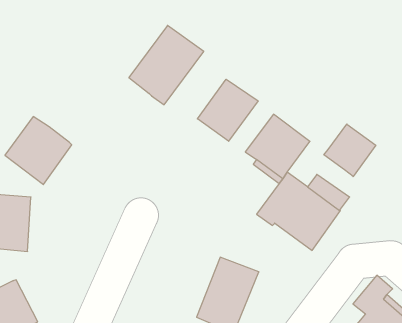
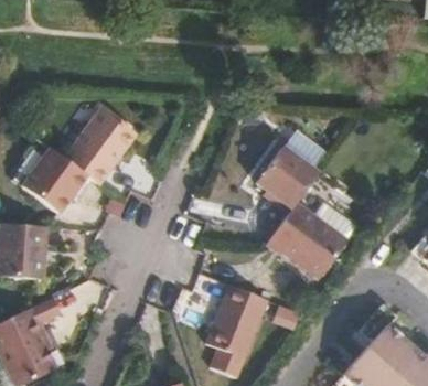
building: [129,25,204,105] -> [64,108,137,185]
building: [197,79,258,141] -> none
building: [324,124,376,177] -> none

